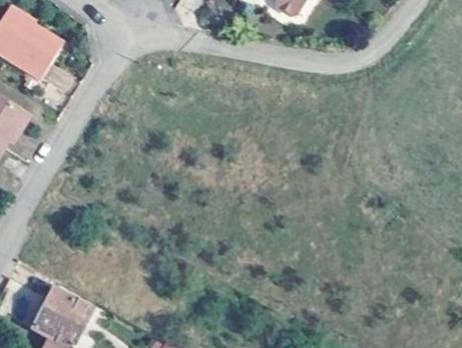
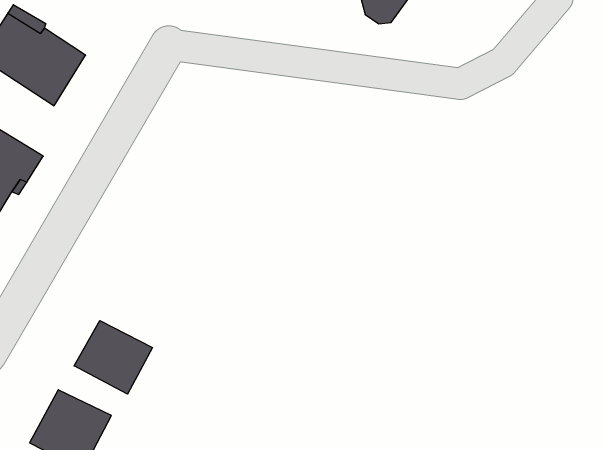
building: none -> [74,321,152,394]

